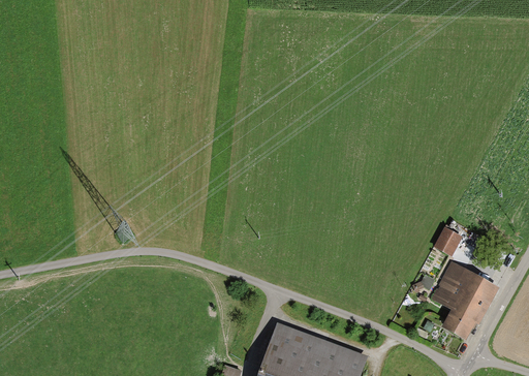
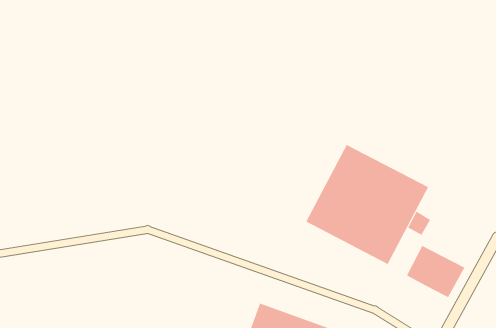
building: none -> [306,144,429,265]
building: [443,306,473,334] -> none

